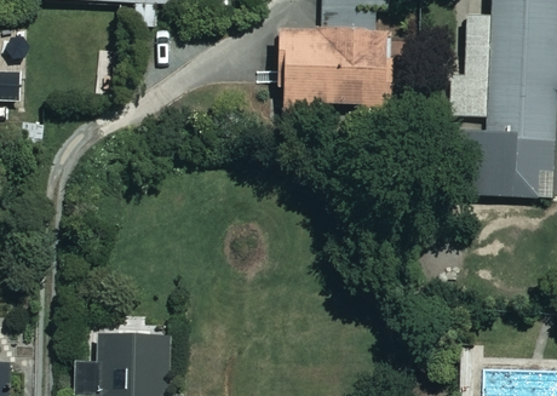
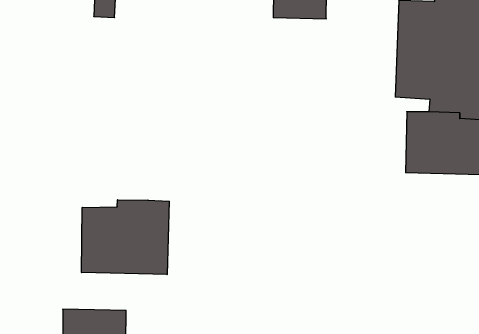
building: [280,29,390,119] -> none
building: none -> [82,200,169,275]

